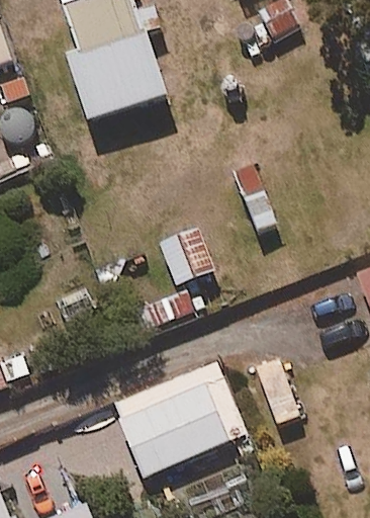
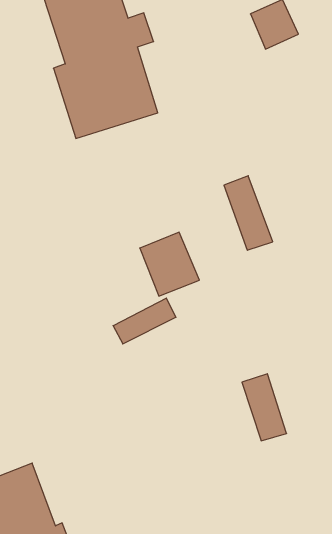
building: [109,365,241,479] -> none

